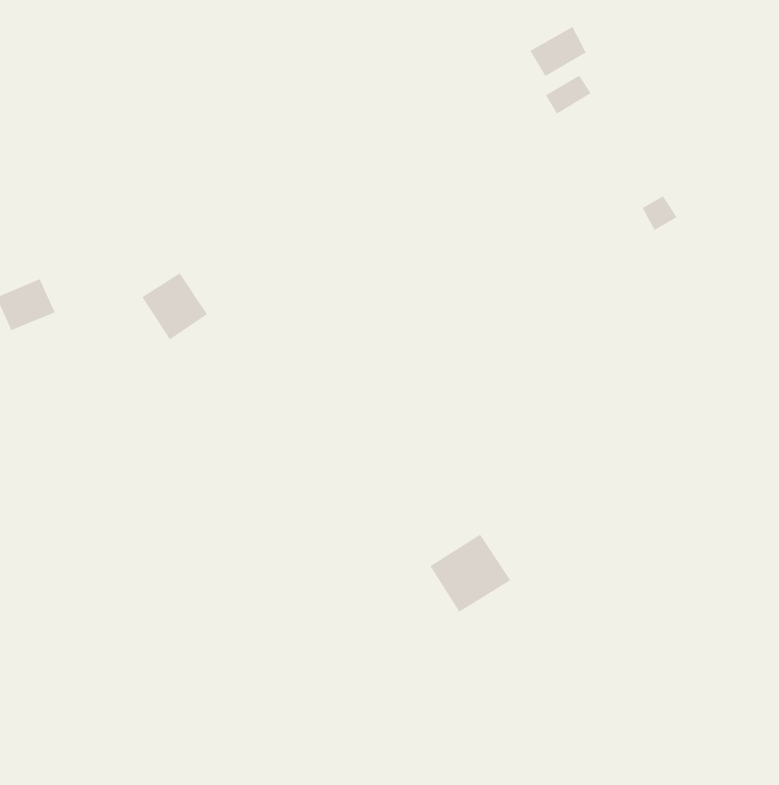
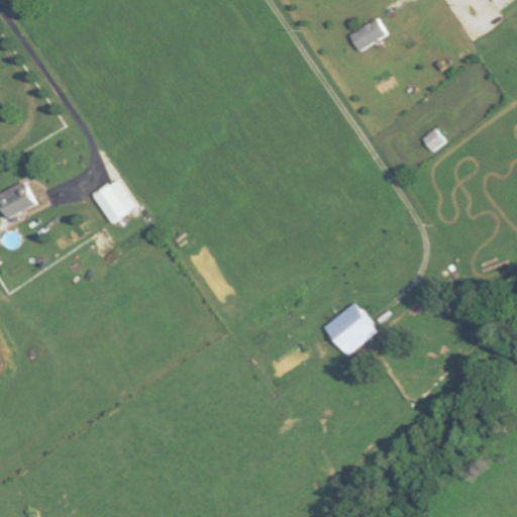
building: [545,75,592,114] -> none
building: [430,534,511,612] -> [324,303,378,354]

